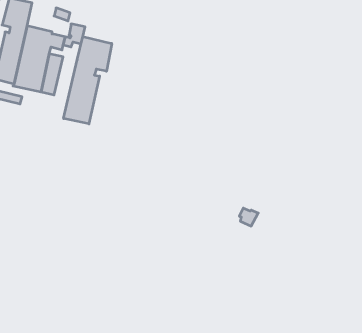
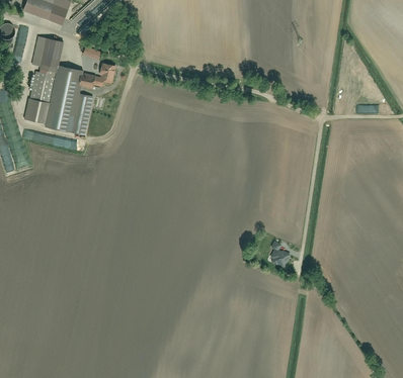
building: [64,37,112,124] -> none

